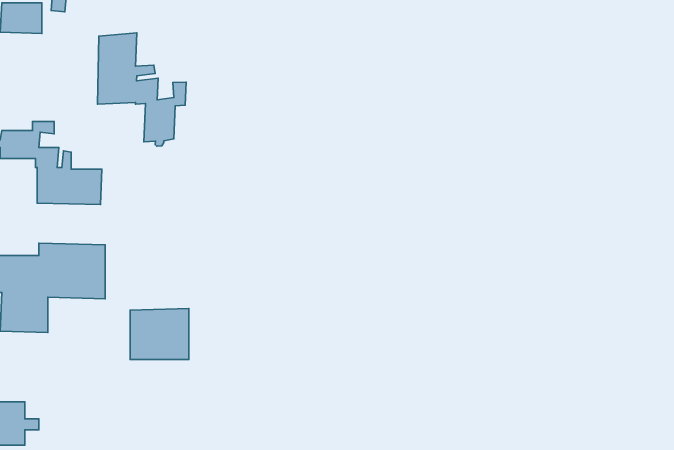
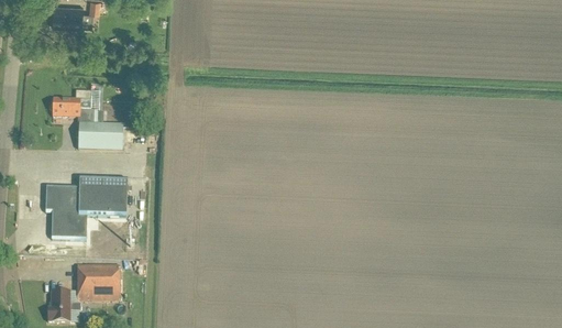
building: [98,33,186,146] -> none
building: [130,309,189,359] -> [77,264,119,300]

